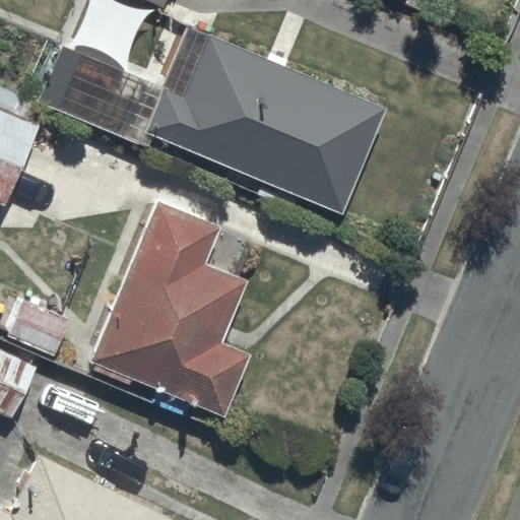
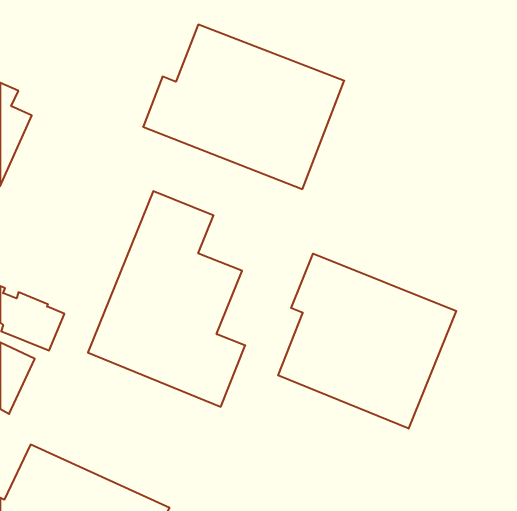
building: [41,47,153,140] -> none
building: none -> [278,254,456,429]

